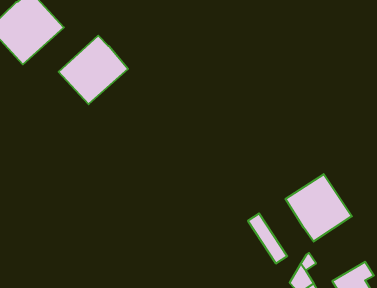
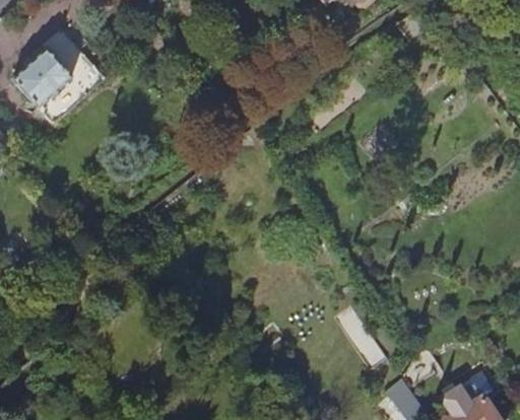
building: [59,36,128,104] -> none
building: [286,174,352,242] -> none

